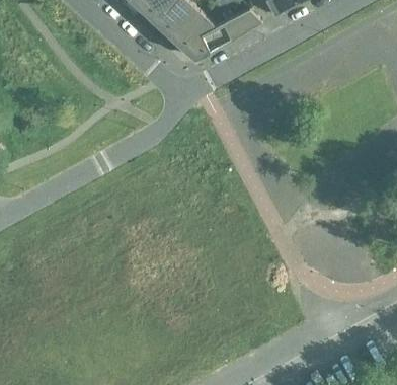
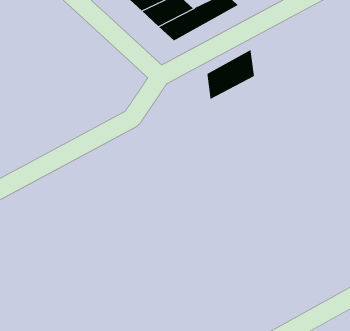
building: none -> [207,49,255,100]

